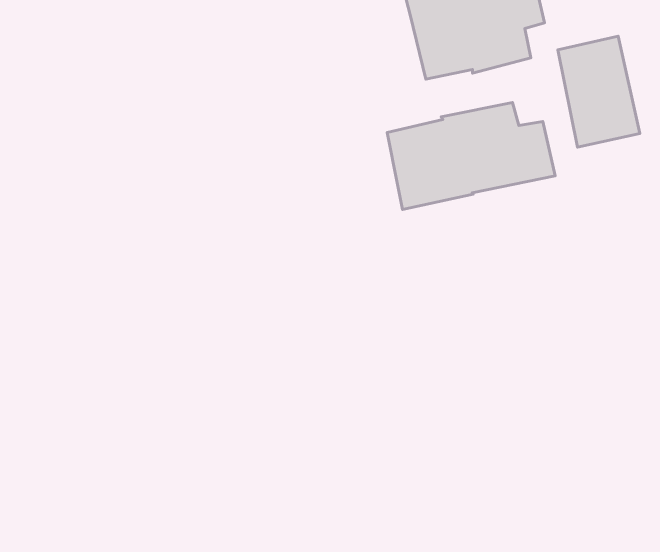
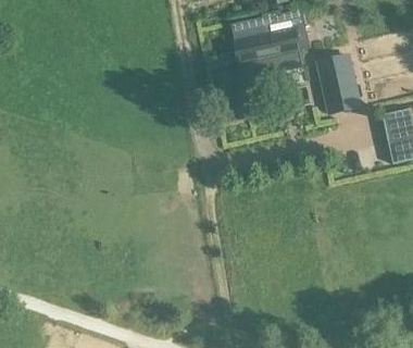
building: [387,103,555,210] -> none

